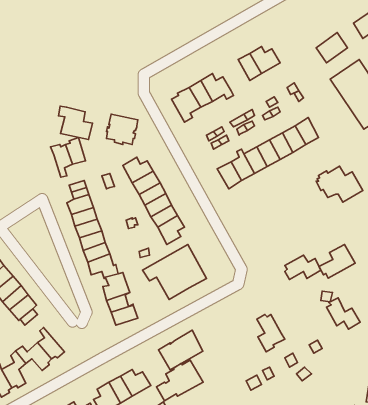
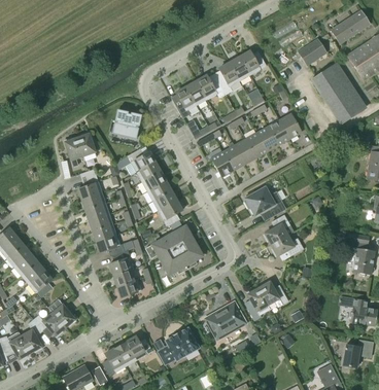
building: none -> [215,62,239,94]
building: [59,106,93,140] -> none
building: [316,166,363,202] -> [243,186,284,218]
building: [319,244,355,278] -> [262,214,294,244]
building: [326,298,360,329] -> [257,279,287,307]
building: [159,330,203,370] -> [204,300,243,335]

